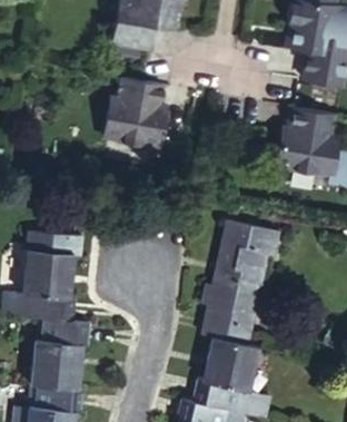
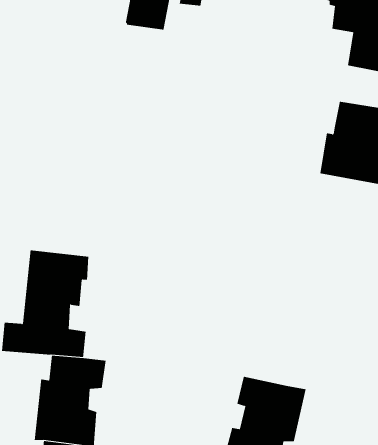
building: [99,76,166,147] -> none
building: [199,224,275,345] -> none

